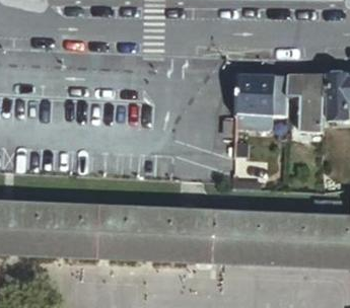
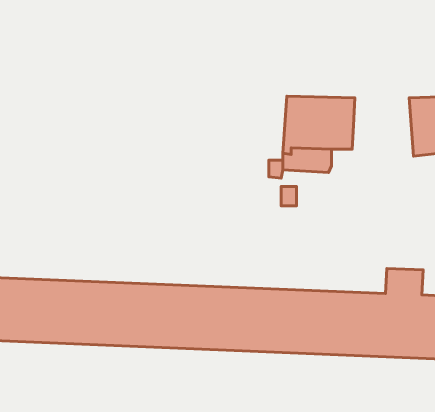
building: [286,74,325,126] -> none

